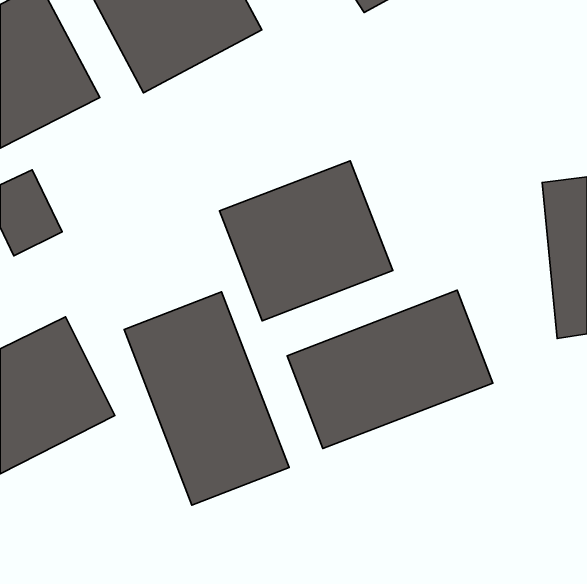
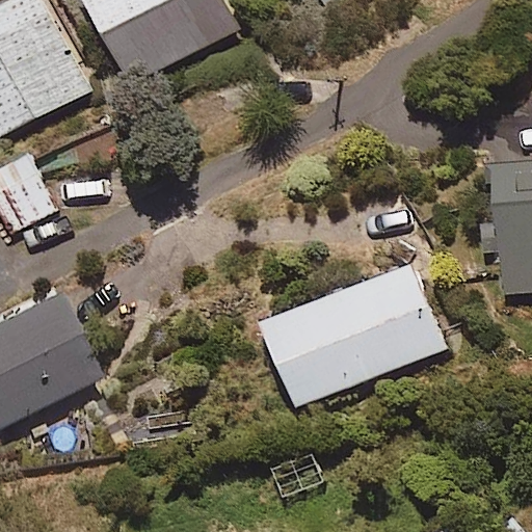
building: [220,161,393,321] -> none
building: [124,292,289,505] -> none

